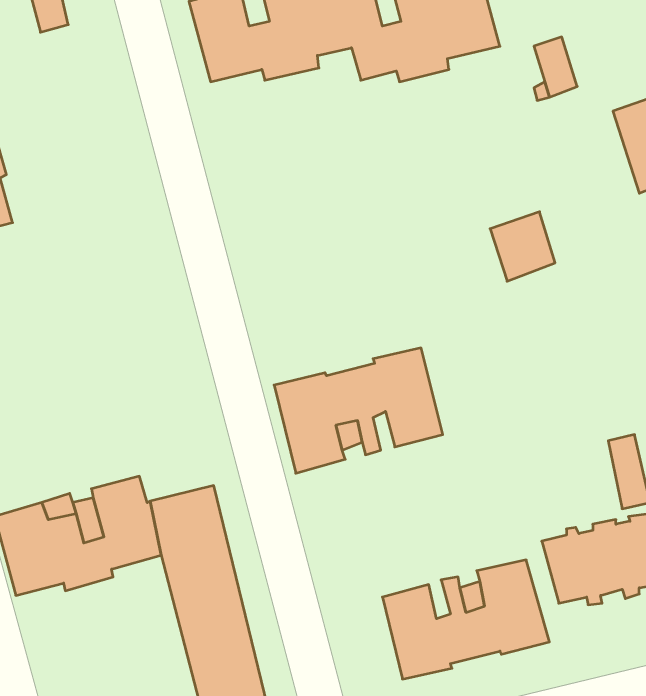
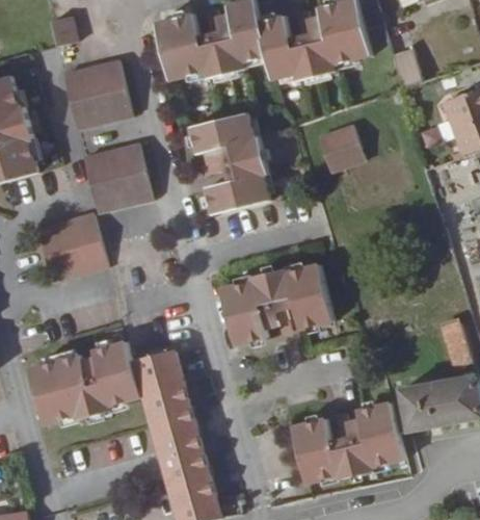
building: none -> [66,61,135,130]
building: none -> [191,114,268,214]
building: none -> [87,145,156,213]
building: [490,212,555,281] -> [320,127,364,174]
building: none -> [39,214,109,283]

